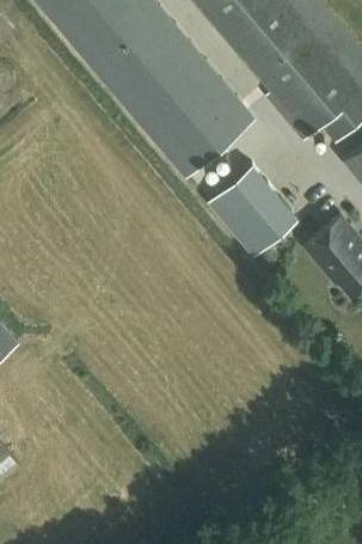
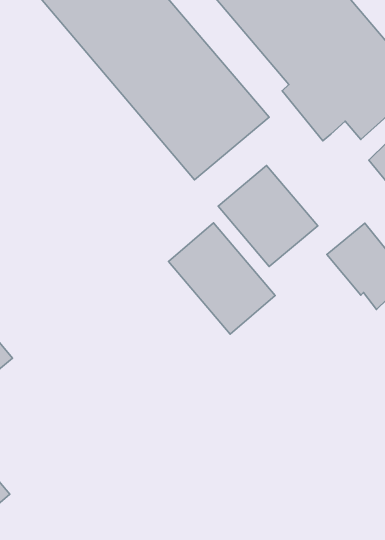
building: none -> [168,223,275,334]

